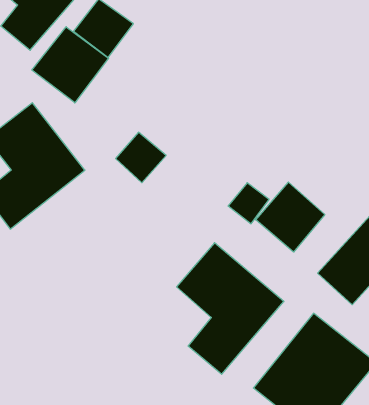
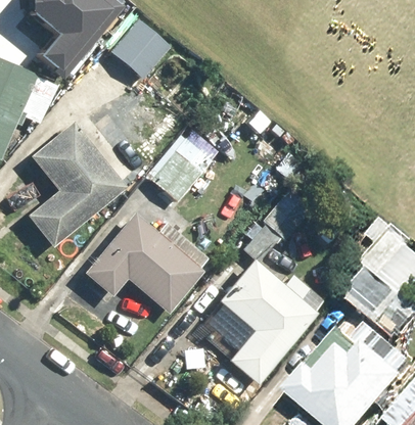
building: [32,27,109,103] -> none
building: [256,182,325,252] -> none
building: none -> [84,212,203,314]

